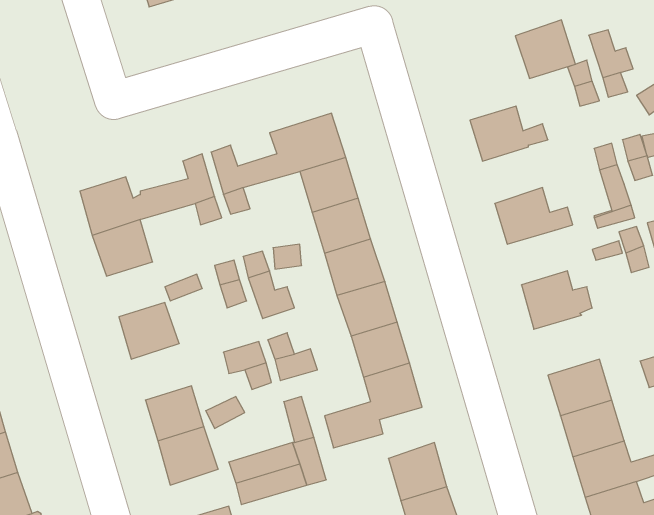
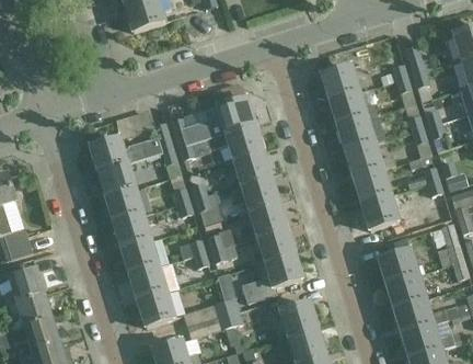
building: [515,20,576,78] -> [322,65,359,101]
building: none -> [338,117,376,152]
building: none -> [354,169,391,203]
building: none -> [106,189,142,223]
building: none -> [122,239,159,274]

